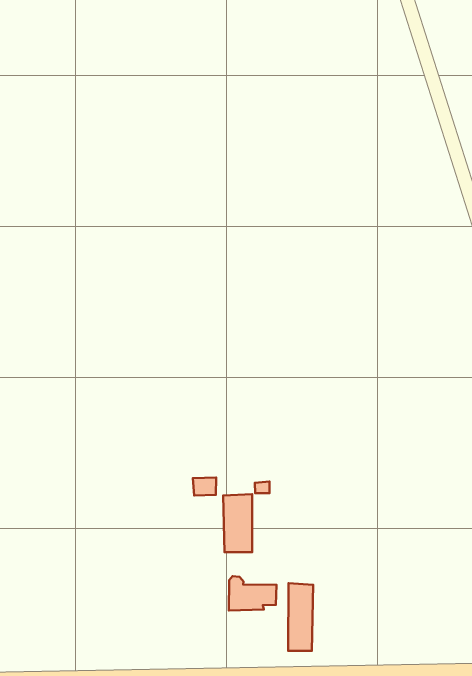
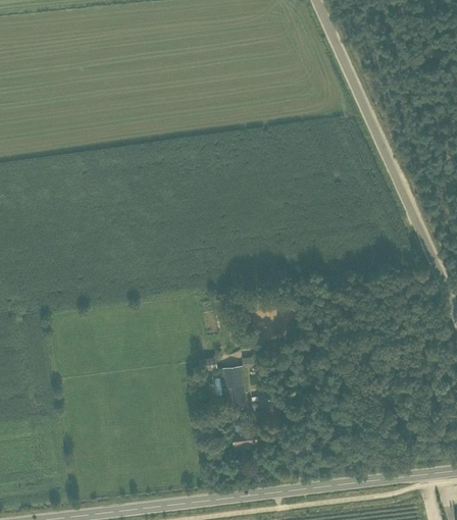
building: [288,583,313,651] -> none

